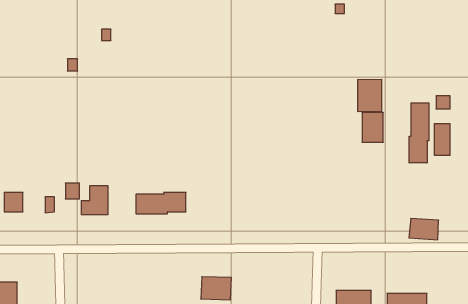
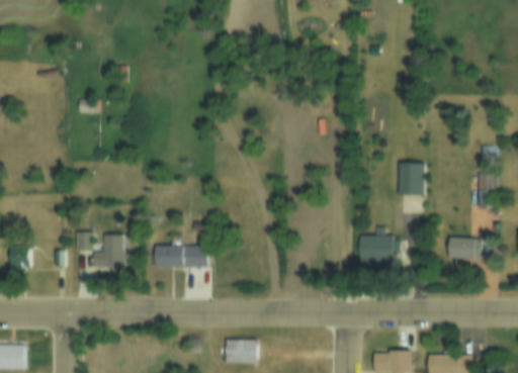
building: [358,79,382,112] -> none
building: [409,103,429,163] -> none
building: none -> [360,221,401,260]
building: [409,218,439,240] -> [449,235,482,258]

